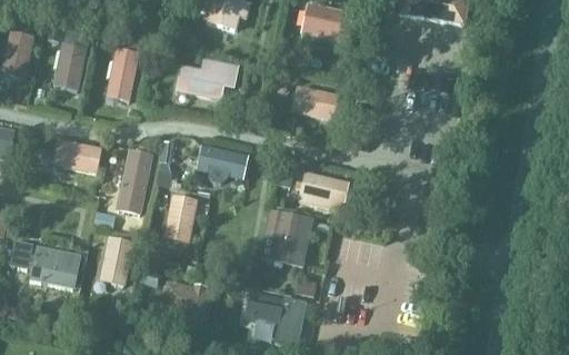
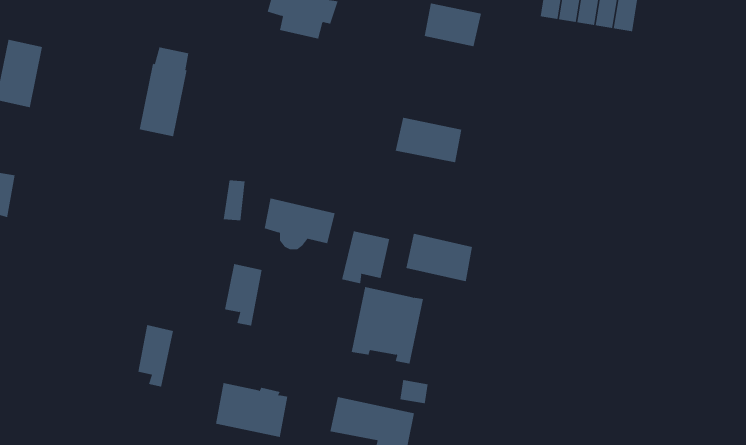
building: [52,32,87,90] -> none
building: [174,57,239,101] -> none
building: [52,138,102,174] -> none
building: [114,148,153,215] -> none
building: none -> [341,230,390,284]
building: [9,240,80,289] -> none

